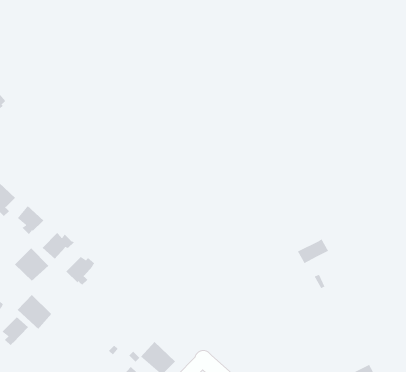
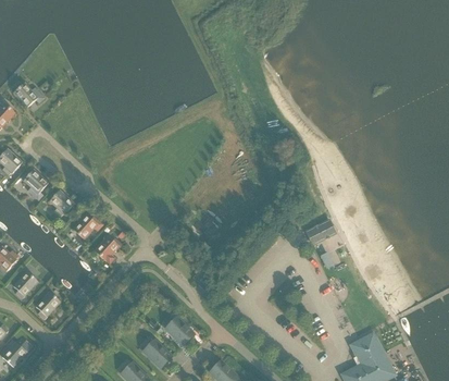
building: [14,248,49,281] -> none
building: [17,294,52,330] -> none

